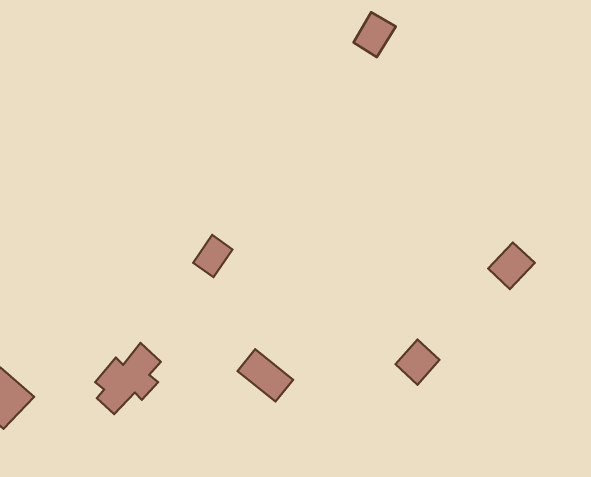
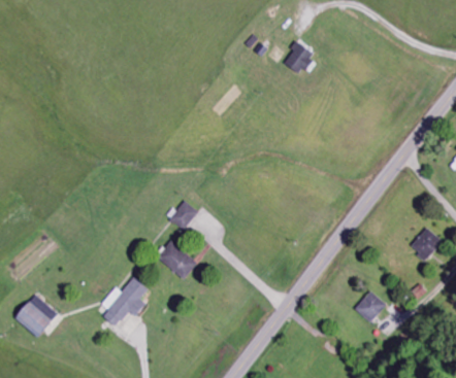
building: [488,242,535,289] -> [411,227,444,260]
building: [396,340,439,385] -> [356,290,387,322]
building: [238,349,293,402] -> [157,241,196,278]

